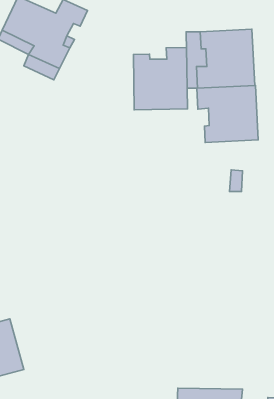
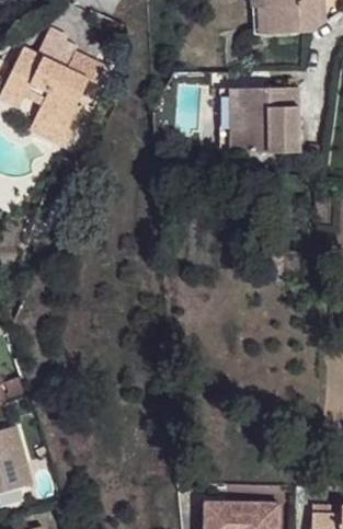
building: [134,47,187,110] -> none
building: [197,85,258,142] -> none

